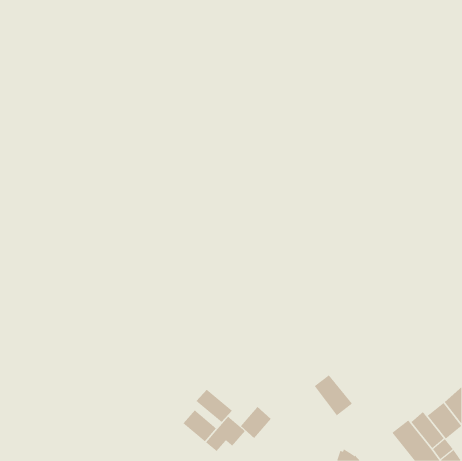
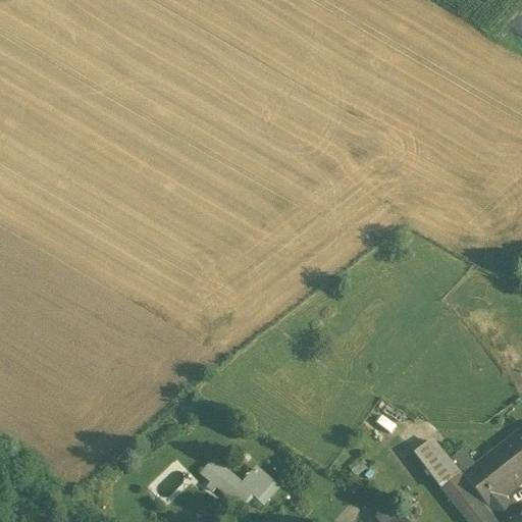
building: [314,374,353,416] -> [416,441,460,488]
building: [196,389,233,423] -> none
building: [240,406,271,439] -> none

